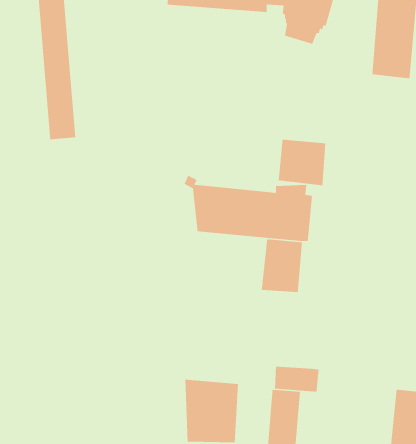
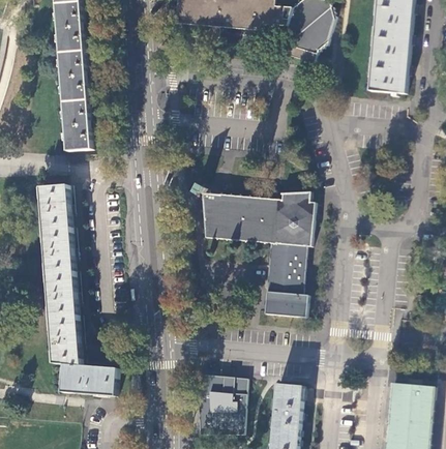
building: [278,139,326,186] -> none
building: none -> [39,182,118,395]
building: [274,366,319,392] -> [264,291,306,316]

